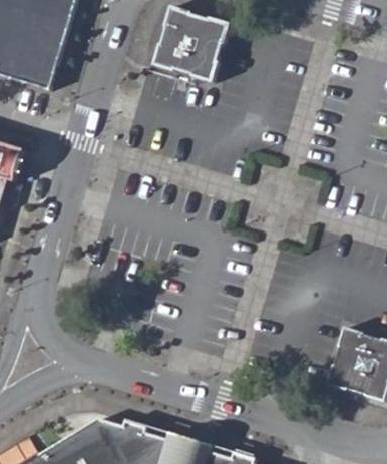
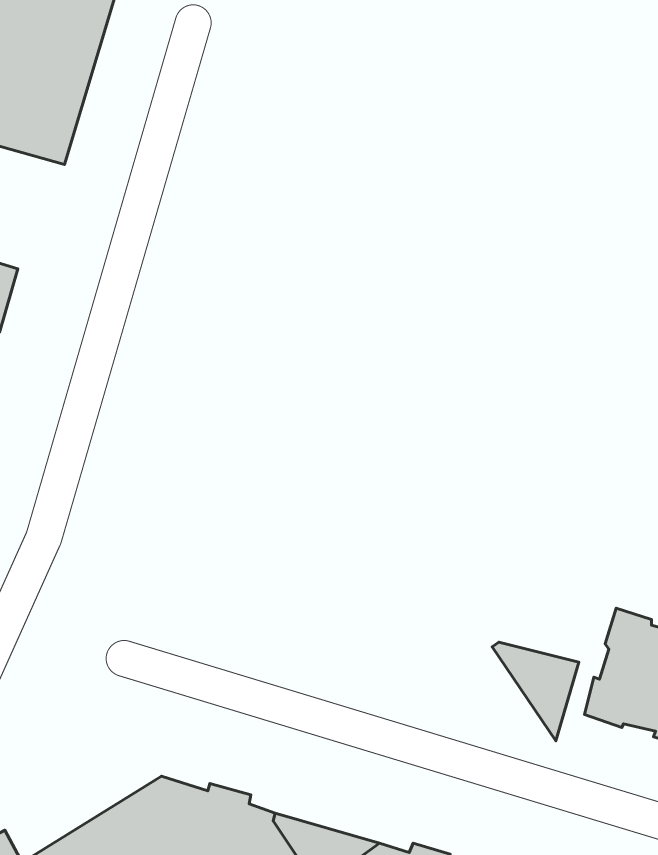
building: [154,8,231,83] -> none
building: none -> [492,642,579,741]

